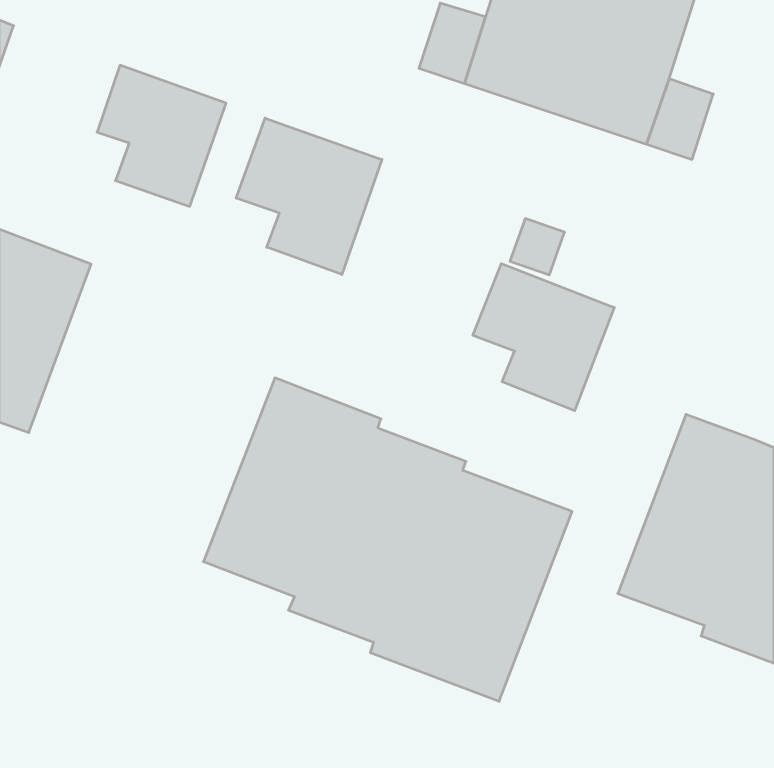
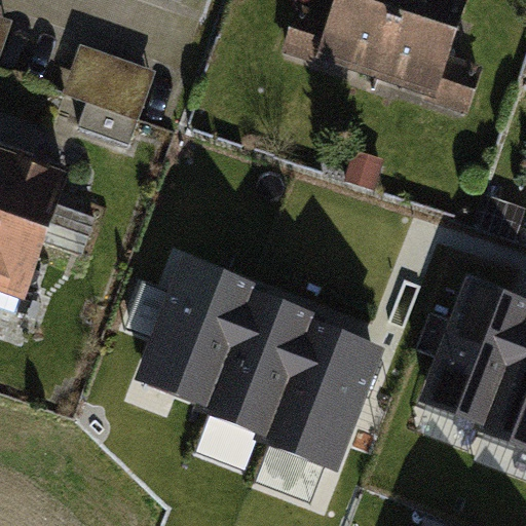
building: [236,118,382,275] -> none
building: [473,264,614,411] -> none

